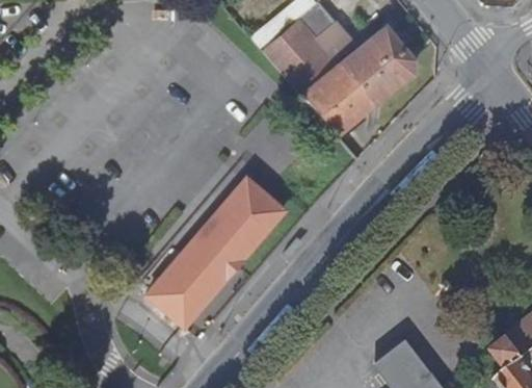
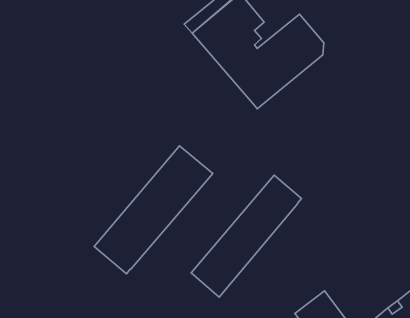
building: none -> [191,175,301,297]

